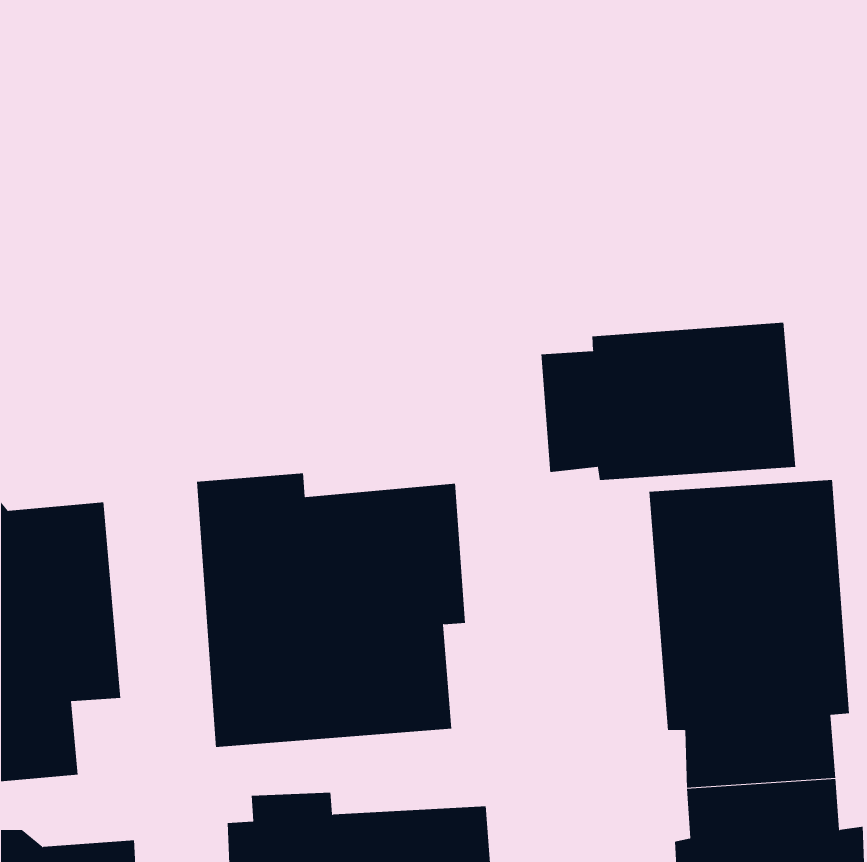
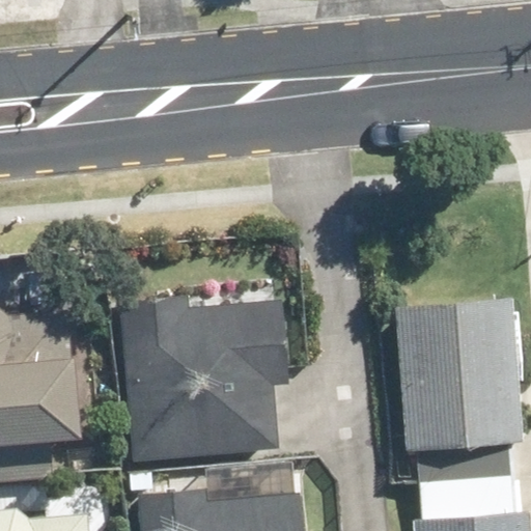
building: [541,322,796,481] -> none

